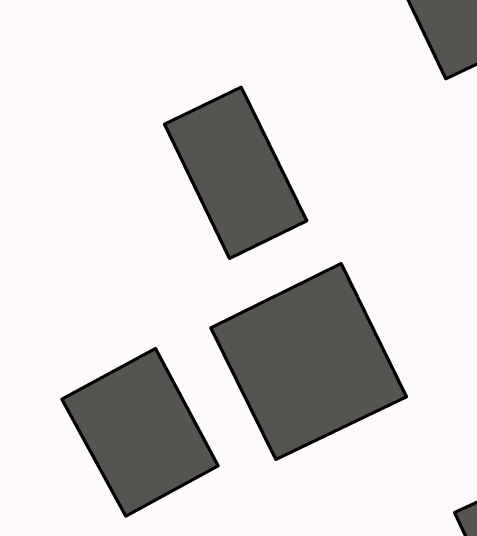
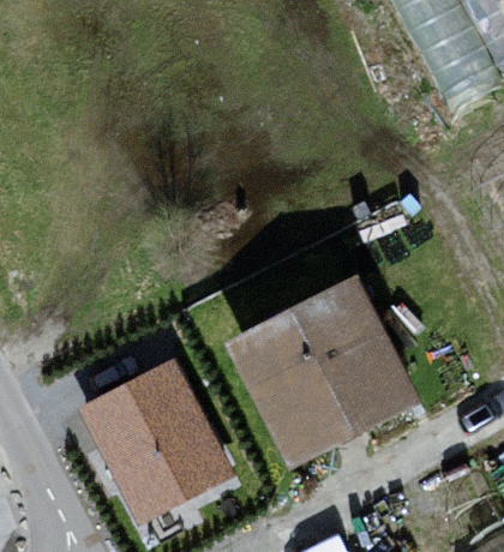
building: [164,87,307,259] -> none

